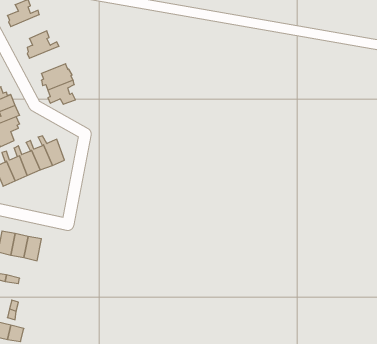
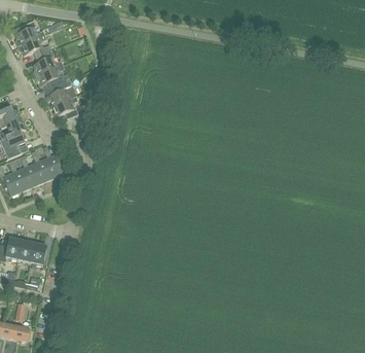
building: none -> [17,33,51,56]
building: none -> [35,63,69,89]

